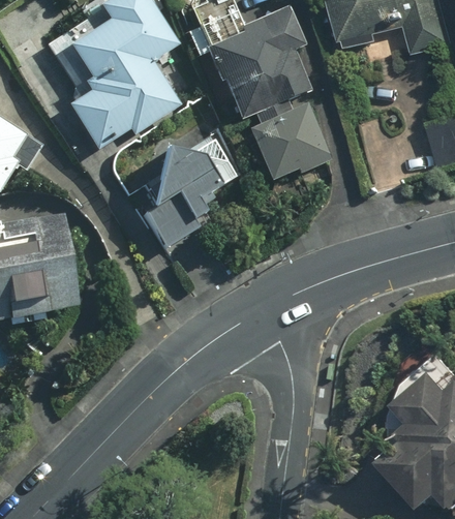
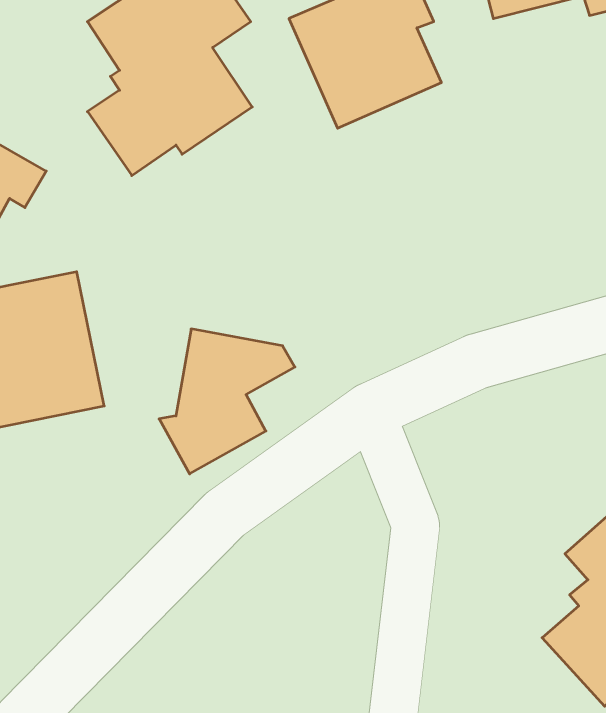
building: [251,104,329,180] -> none
building: [142,149,234,247] -> [159,329,295,474]

